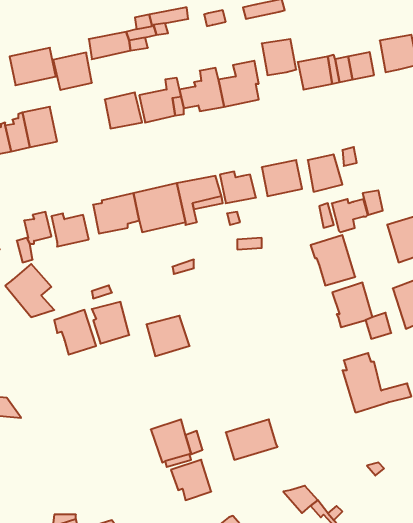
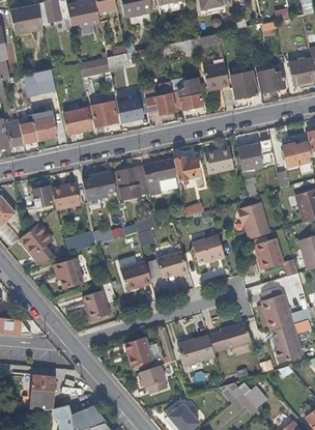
building: [53,53,92,90] -> [63,107,91,134]
building: [332,199,368,232] -> [283,143,309,167]
building: none -> [192,235,225,263]
building: none -> [157,251,190,278]
building: [92,302,129,344] -> [83,291,110,321]
building: none -> [209,323,252,353]
building: none -> [273,323,306,363]
building: none -> [29,374,56,397]

